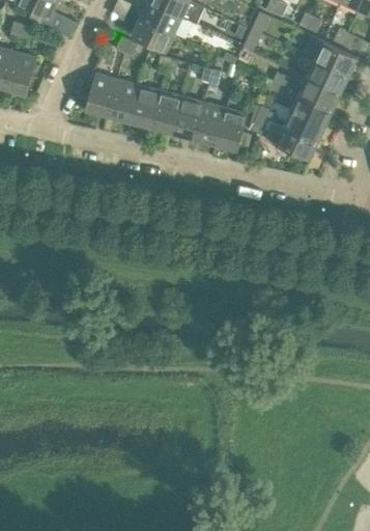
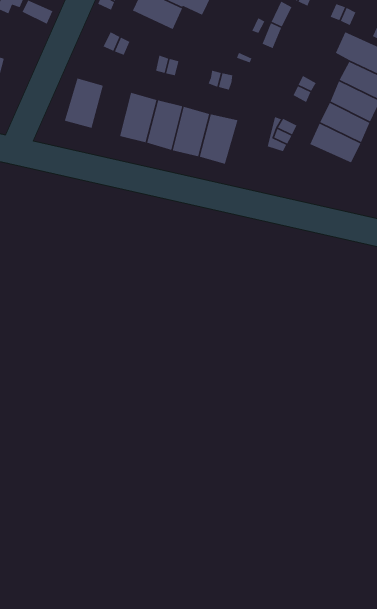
building: [131,21,172,53] -> none
building: [107,81,138,122] -> none
building: [215,109,251,151] -> none
building: [263,123,316,161] -> none

